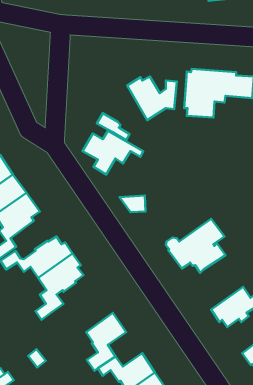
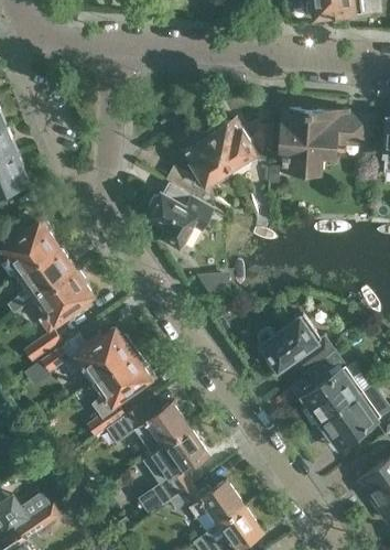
building: none -> [184,130,234,186]
building: none -> [303,353,359,424]
building: none -> [107,403,188,454]

